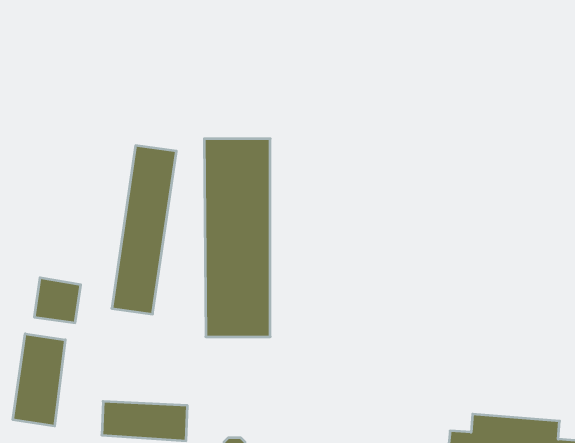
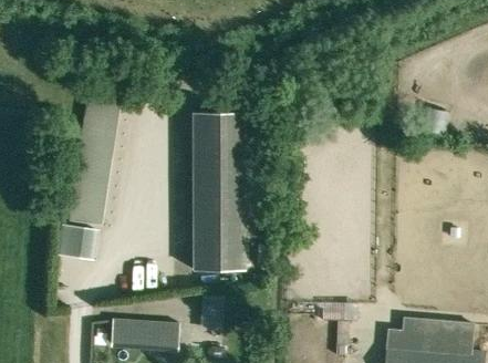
building: [112,146,176,314] -> [64,84,115,217]
building: [13,334,65,426] -> none

